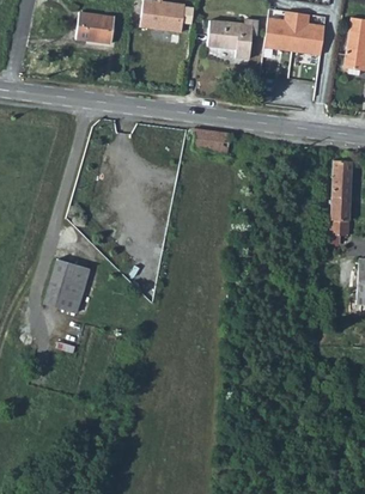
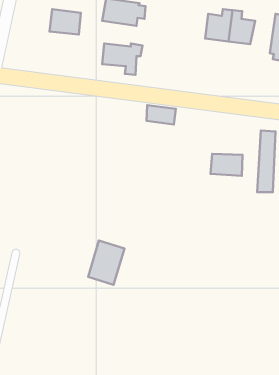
building: [208,20,257,59] -> [102,44,142,75]
building: none -> [211,154,243,176]
building: [44,260,89,313] -> [88,241,124,285]

